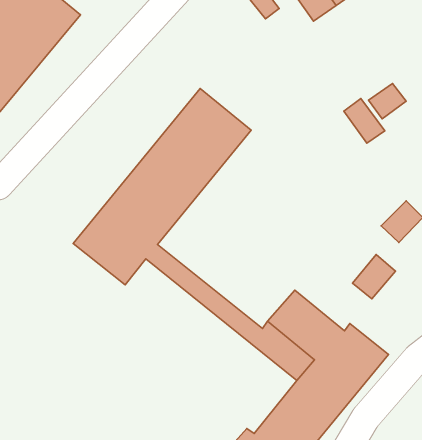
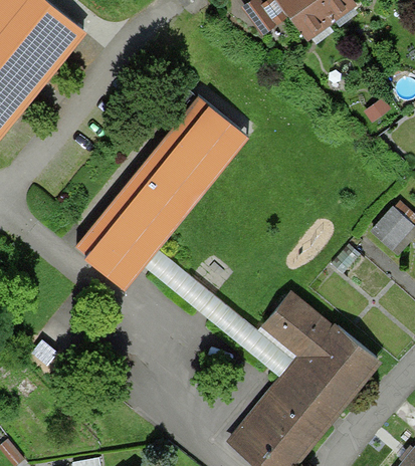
building: [344,98,385,143] -> none
building: [353,254,396,299] -> none

